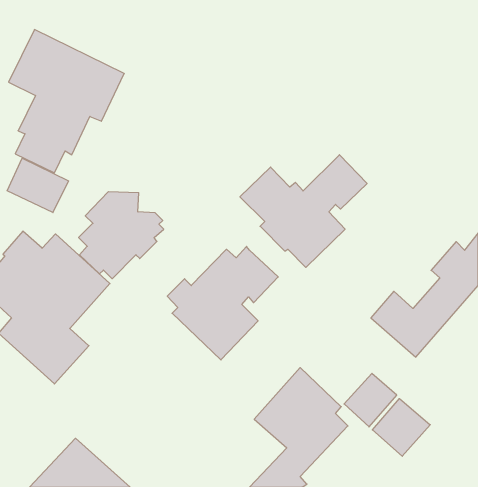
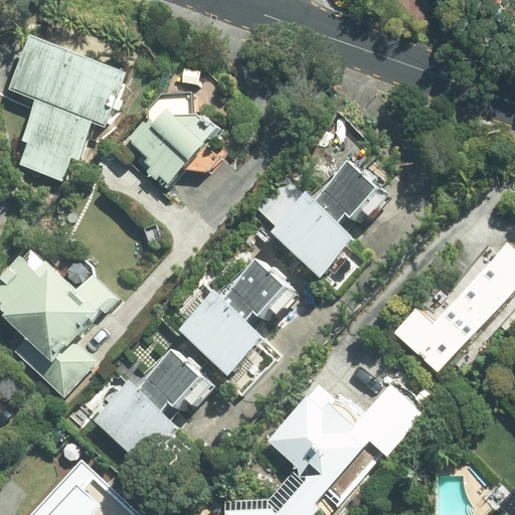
building: [7,158,69,213] -> none
building: [79,192,164,279] -> [129,95,218,186]
building: none -> [85,353,209,469]
building: [372,399,430,456] -> none

